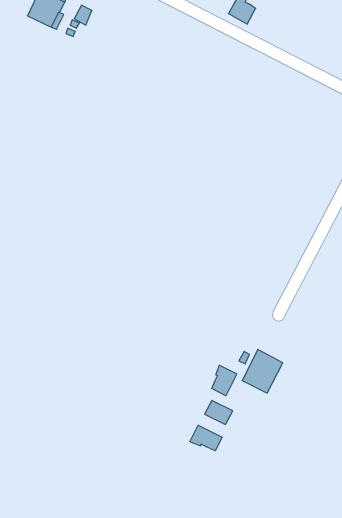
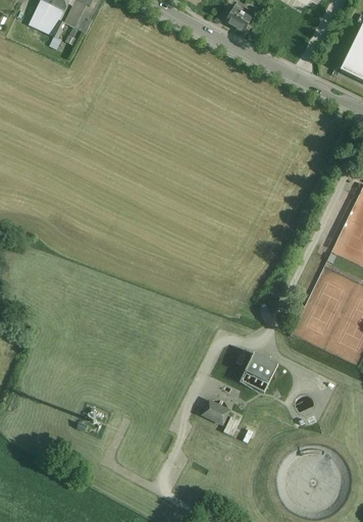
building: [212,365,237,396] -> none
building: [190,425,222,451] -> none

